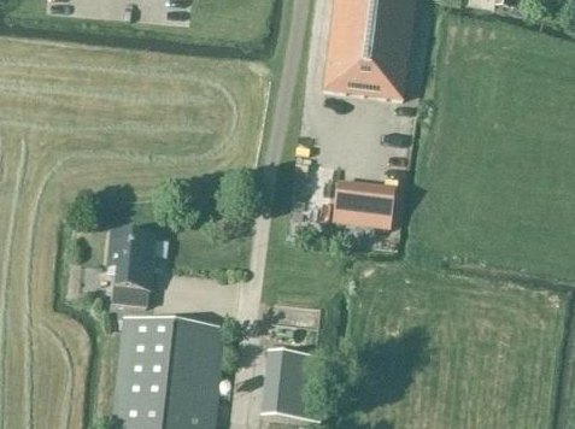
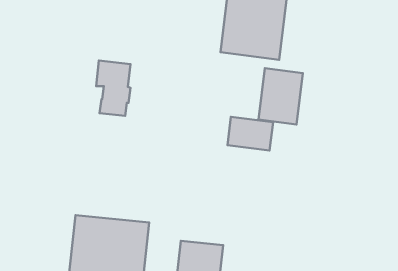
building: none -> [259,68,303,125]
building: [107,228,154,304] -> [96,61,130,116]

